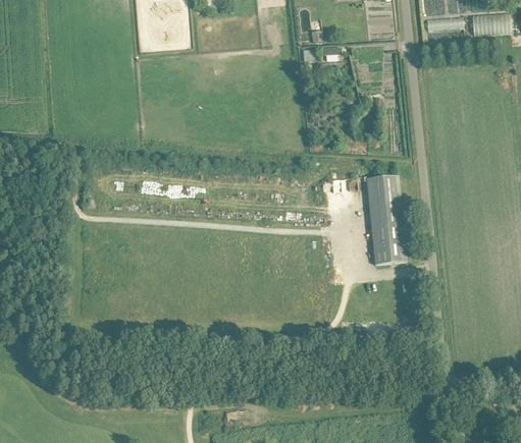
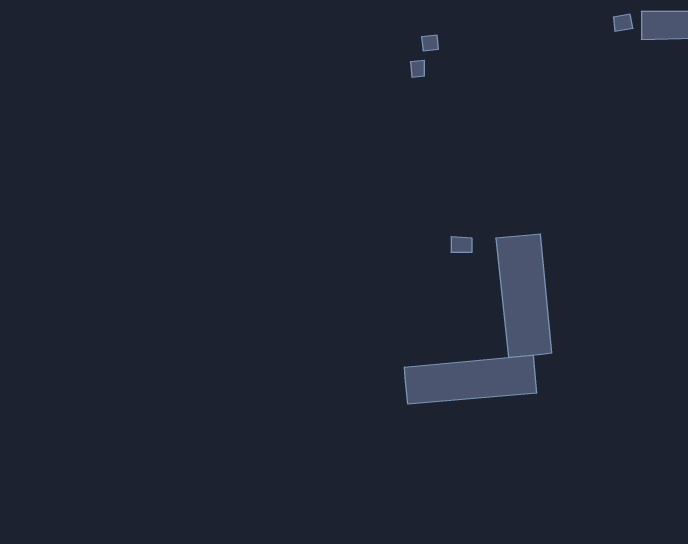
building: none -> [405,355,537,404]

